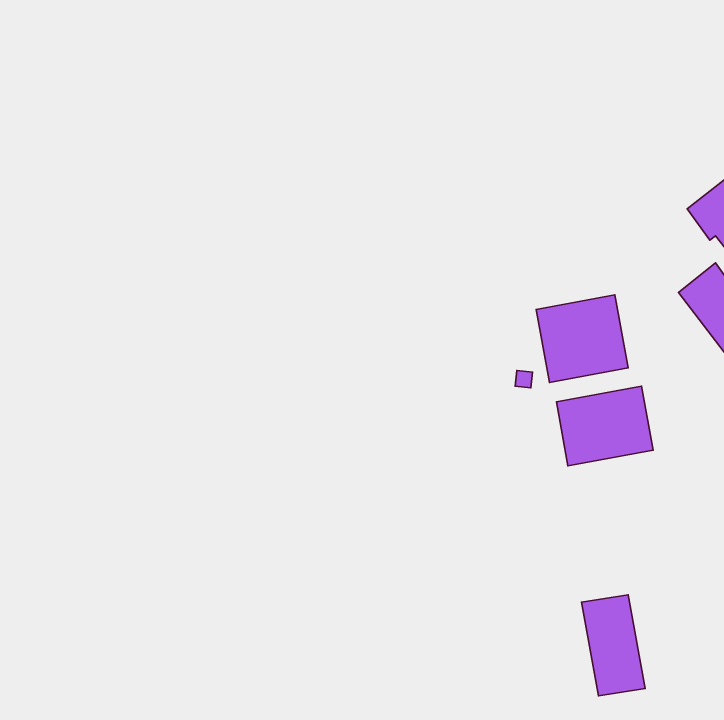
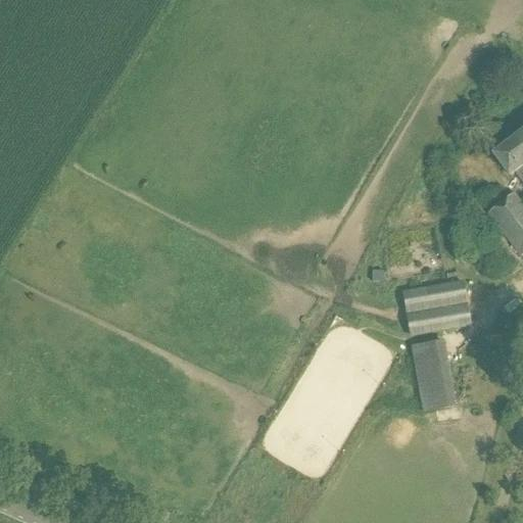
building: [536,295,628,383] -> none
building: [581,595,645,696] -> [411,337,457,410]

